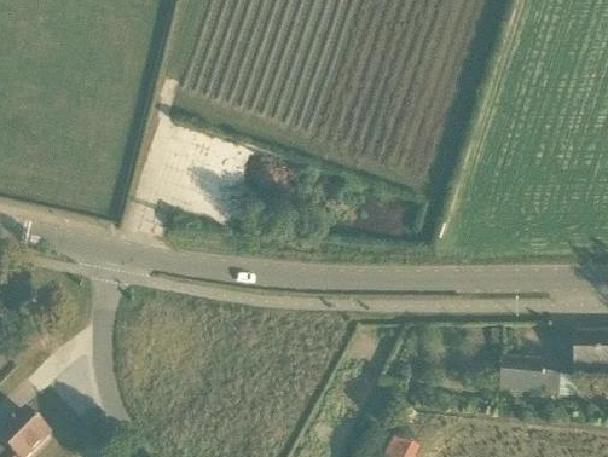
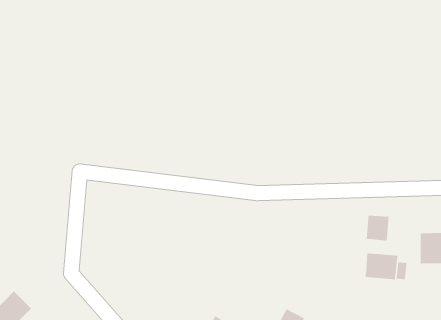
building: none -> [366,215,389,242]

